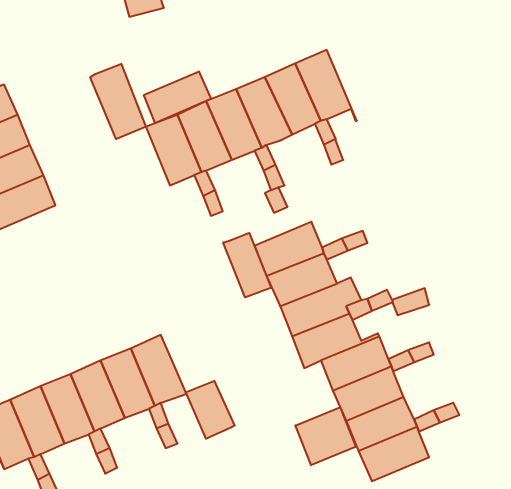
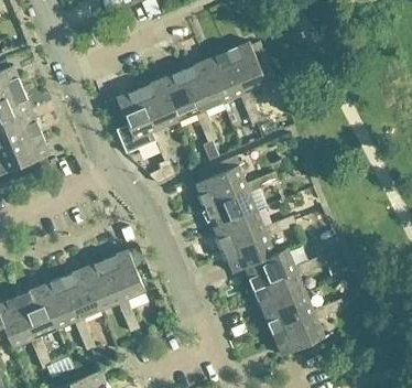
building: [90,64,146,139] -> none
building: [144,71,211,123] -> none
building: [223,233,271,297] -> none
building: [186,381,235,439] -> none
building: [295,407,356,465] -> none

